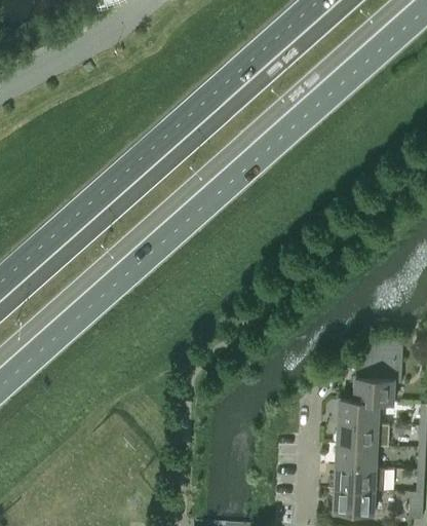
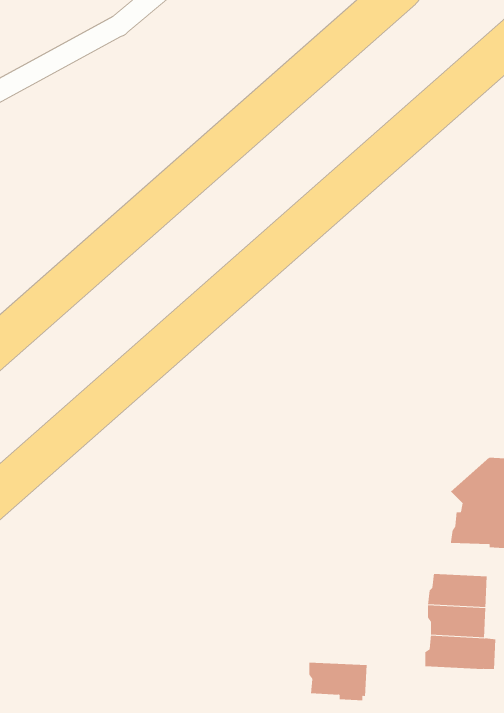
building: [338,399,380,424] -> none
building: [334,489,376,517] -> [309,662,367,701]

